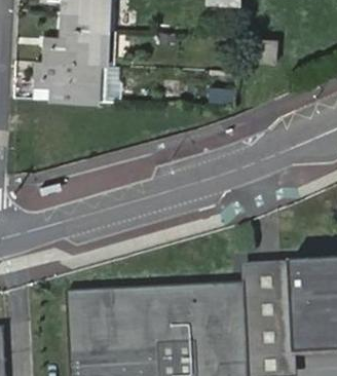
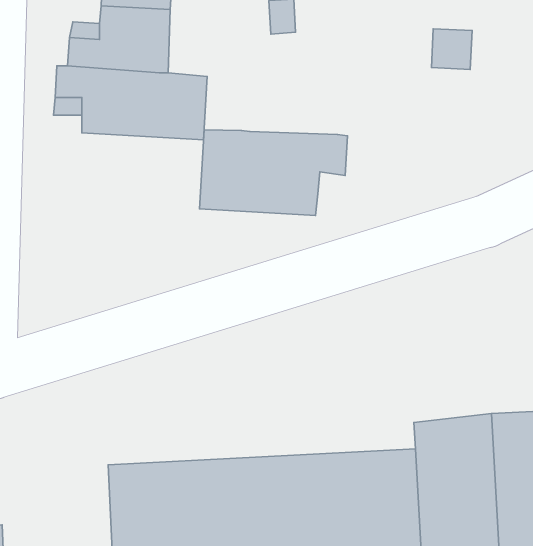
building: none -> [199,130,347,216]

